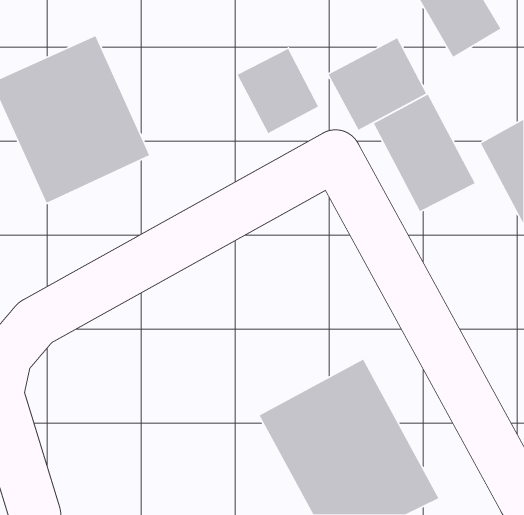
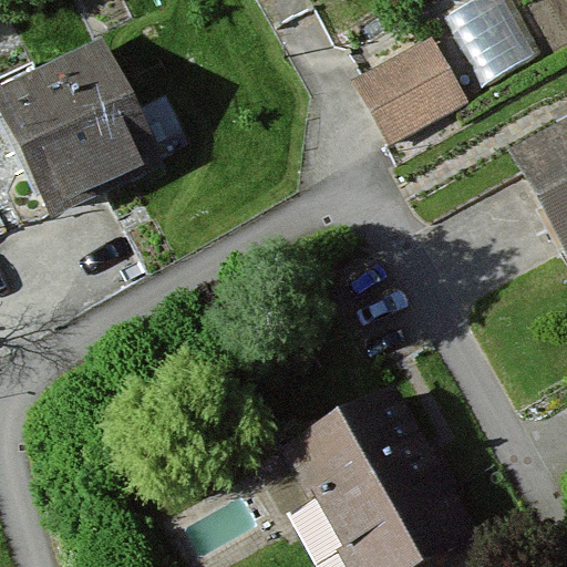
building: [236,48,319,134] -> none
building: [373,94,476,212] -> none

